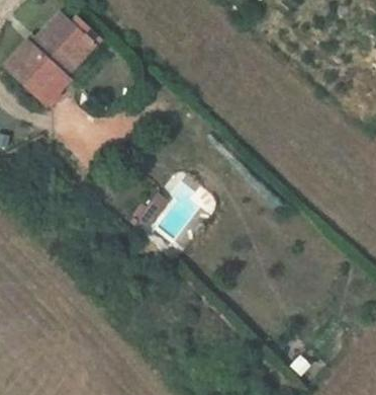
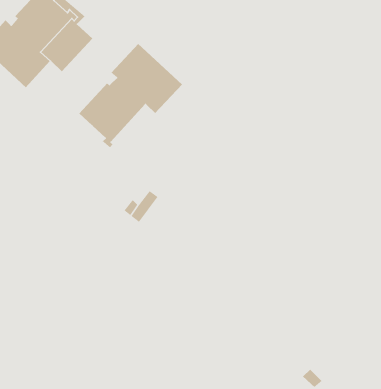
building: none -> [78,43,183,148]

